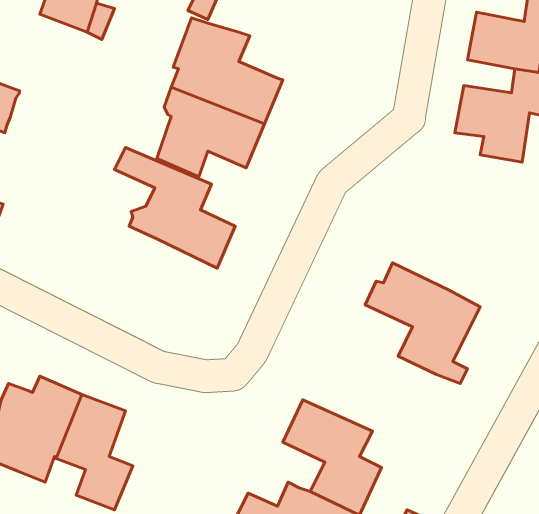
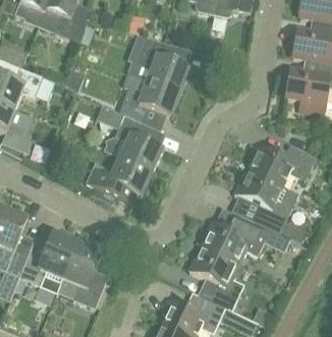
building: none -> [250,144,316,185]
building: none -> [86,156,152,203]
building: none -> [200,209,290,263]

